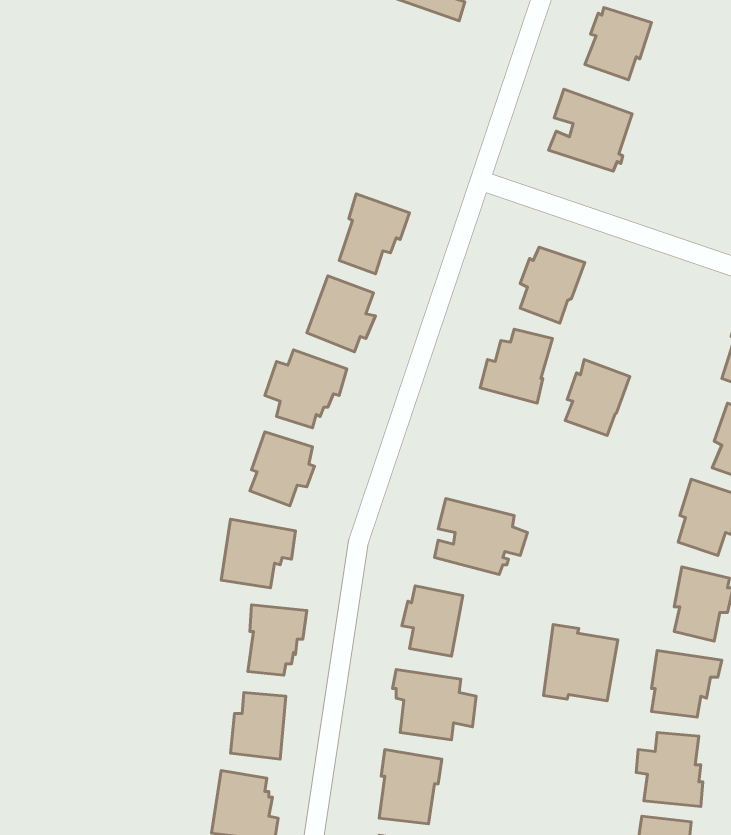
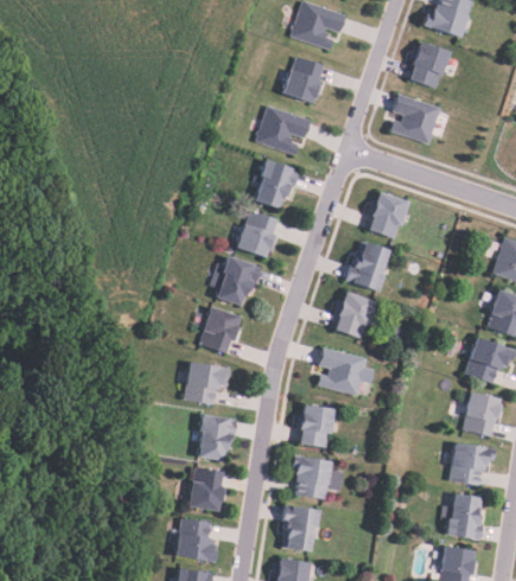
building: none -> [281,55,325,103]
building: none -> [255,107,311,155]
building: [565,359,630,436] -> [333,290,374,338]
building: [543,624,618,701] -> none

